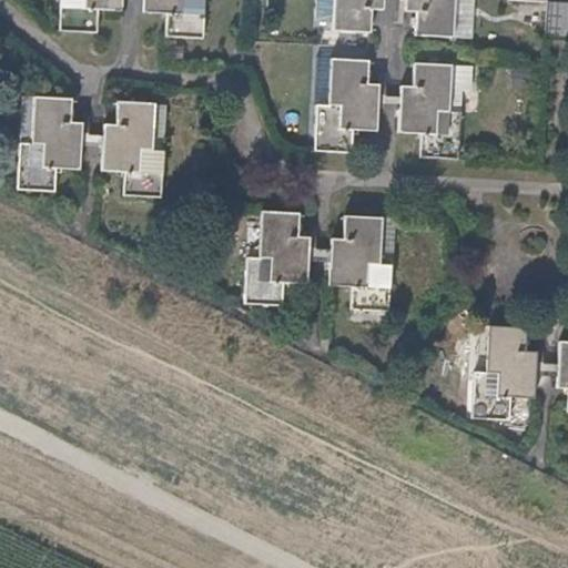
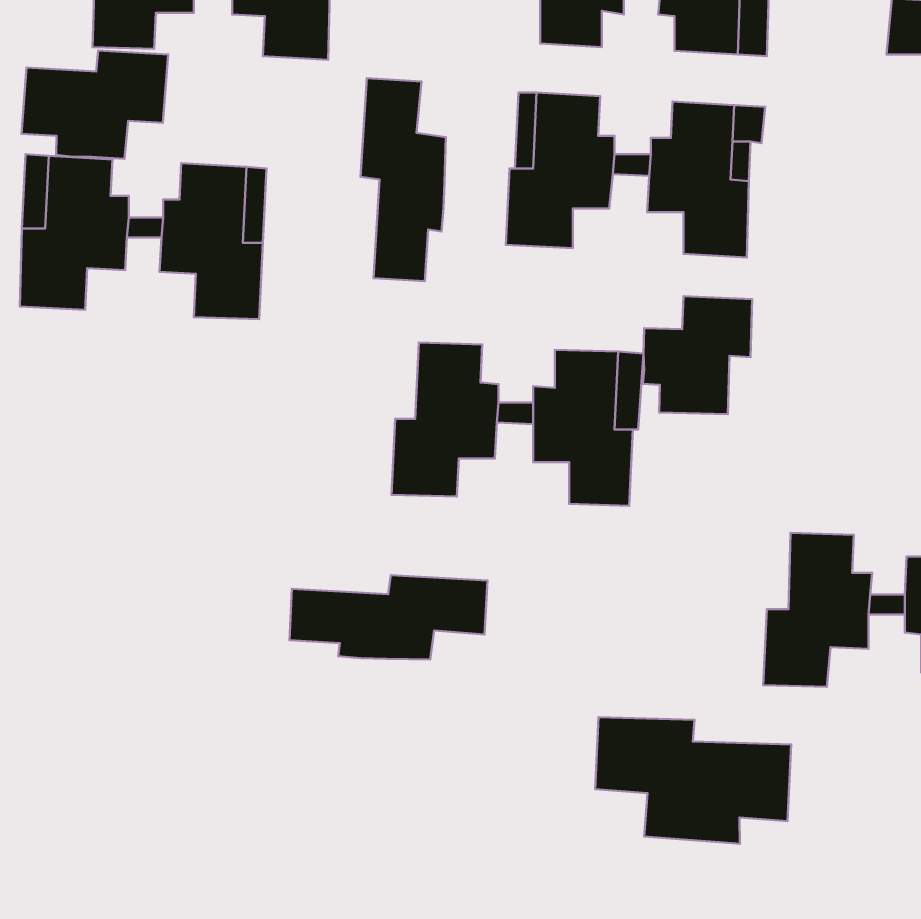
building: none -> [22,51,168,159]
building: none -> [361,78,446,281]
building: none -> [643,296,752,414]
building: none -> [289,575,487,660]
building: none -> [595,717,791,844]

